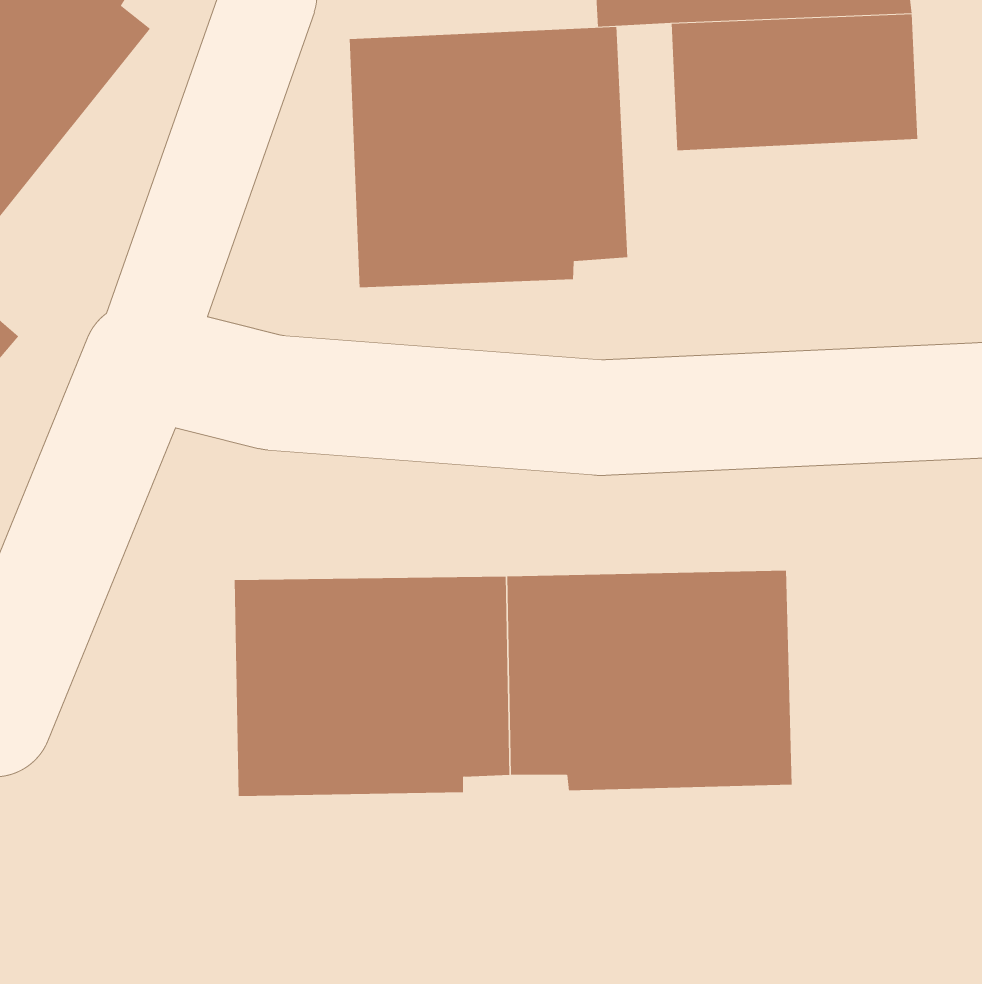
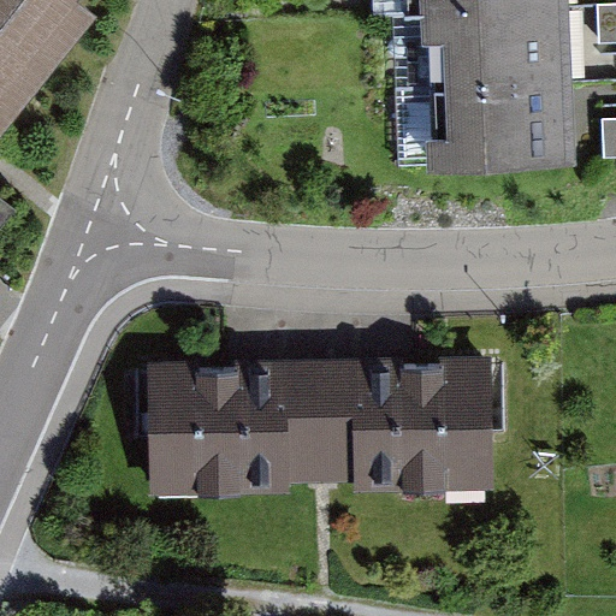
building: [349,26,628,288] -> none
building: none -> [421,85,578,176]

